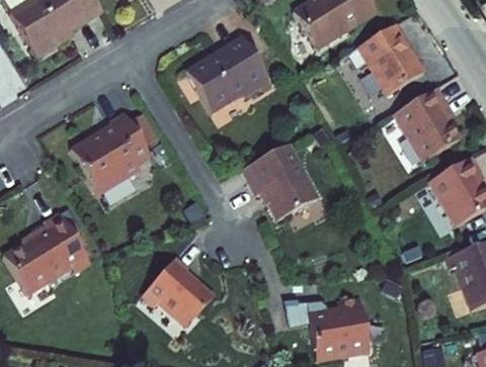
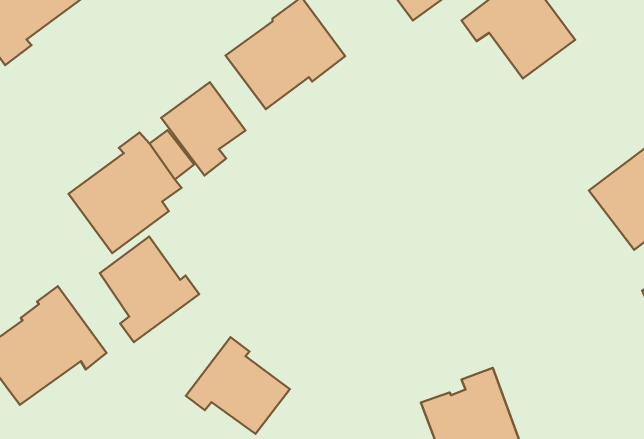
building: none -> [161,82,245,175]
building: [393,89,459,163] -> none
building: [242,147,317,222] -> none
building: none -> [100,236,199,342]

